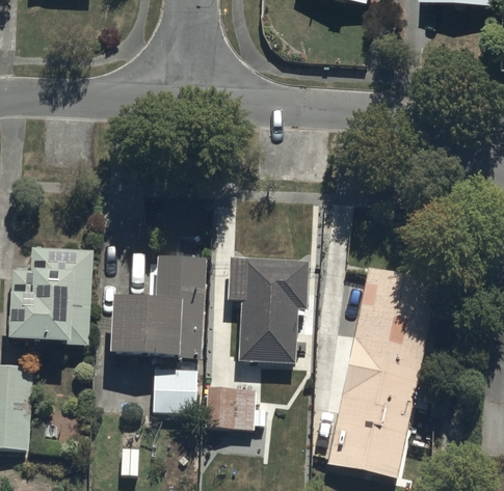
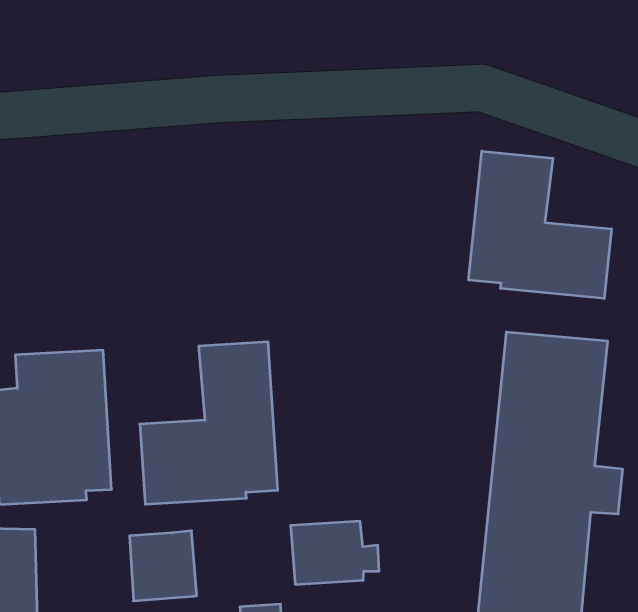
building: none -> [469,151,612,299]
building: [229,257,308,360] -> none
building: [152,364,196,410] -> [130,531,197,601]

